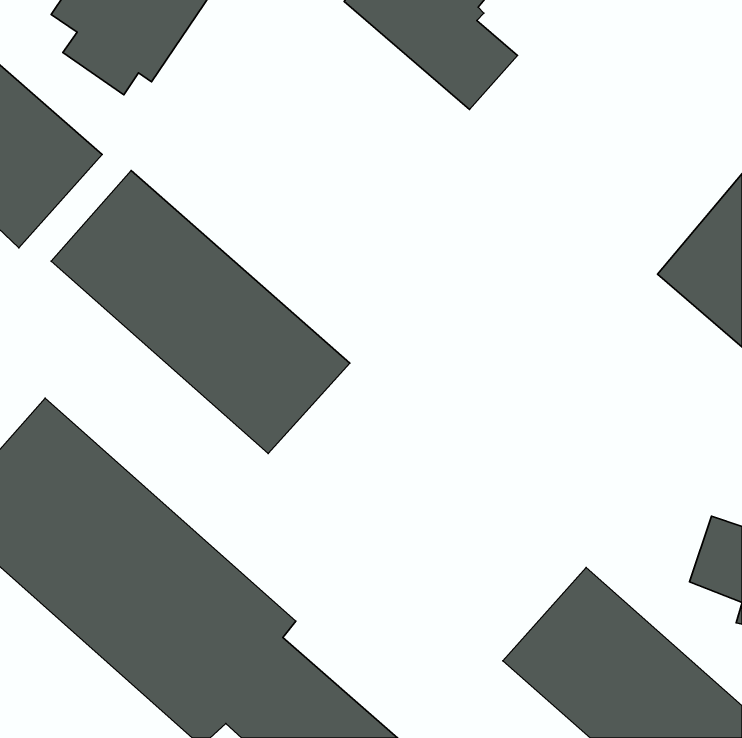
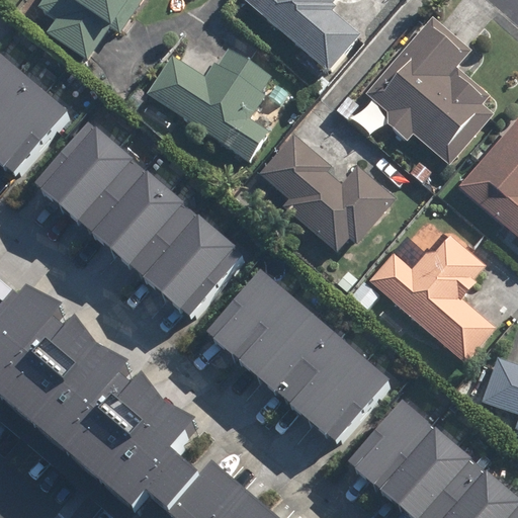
building: none -> [364,19,492,169]
building: none -> [145,51,270,164]
building: none -> [258,137,396,256]
building: none -> [349,237,495,367]
building: none -> [207,264,391,440]

